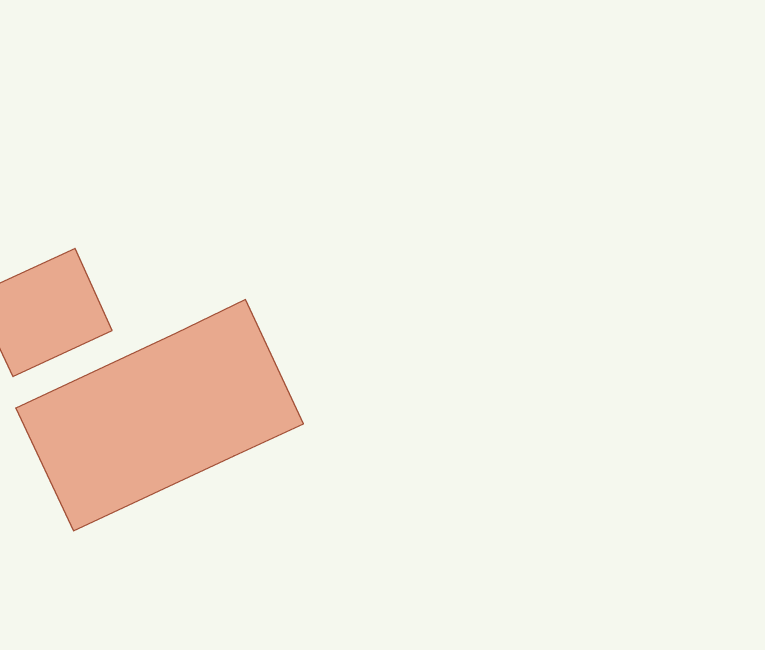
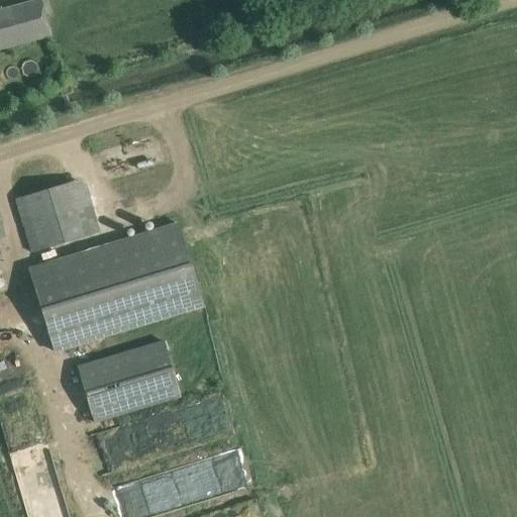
building: none -> [77,338,180,421]

